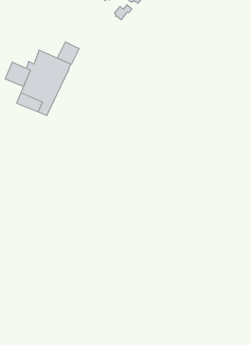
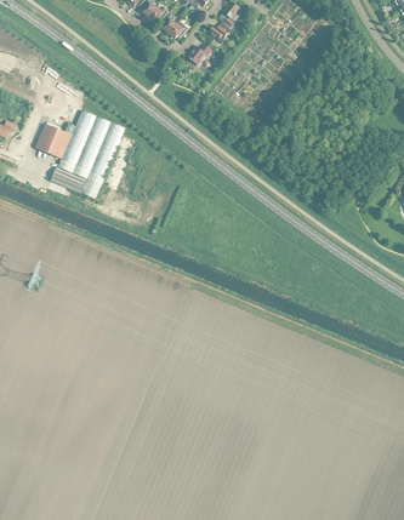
building: [58,42,79,64] -> none

